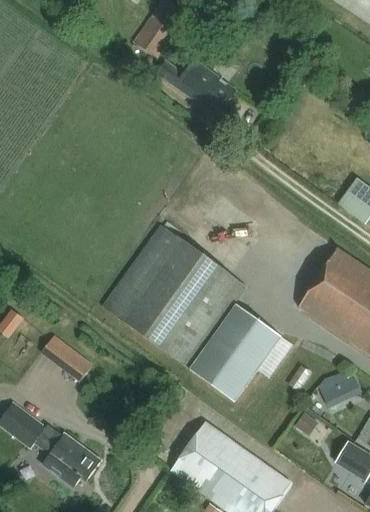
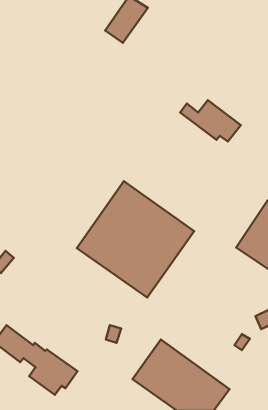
building: [161,58,236,109] -> [180,100,241,142]
building: [189,303,282,402] -> none
building: [41,335,93,381] -> none

